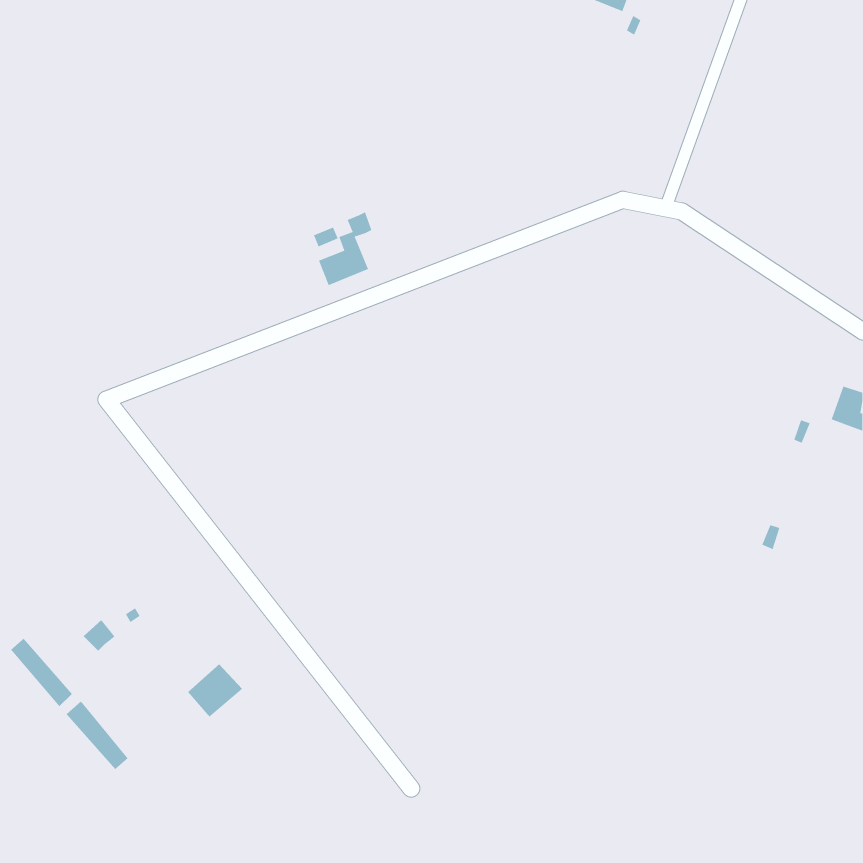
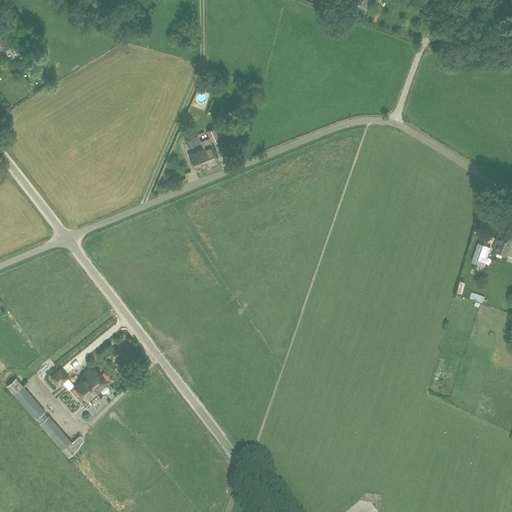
building: [187,663,243,718] -> [73,367,106,399]

